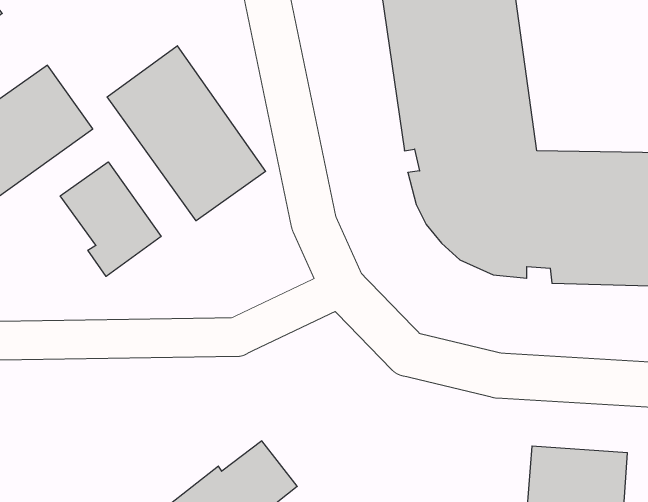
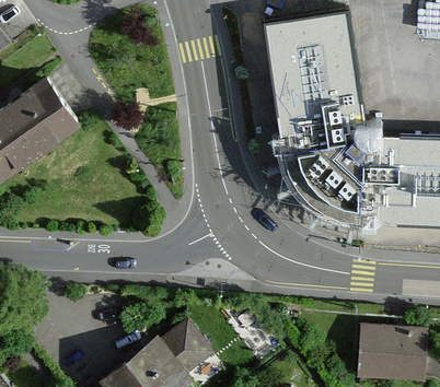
building: [107,46,266,221] -> none
building: [60,162,161,276] -> none

